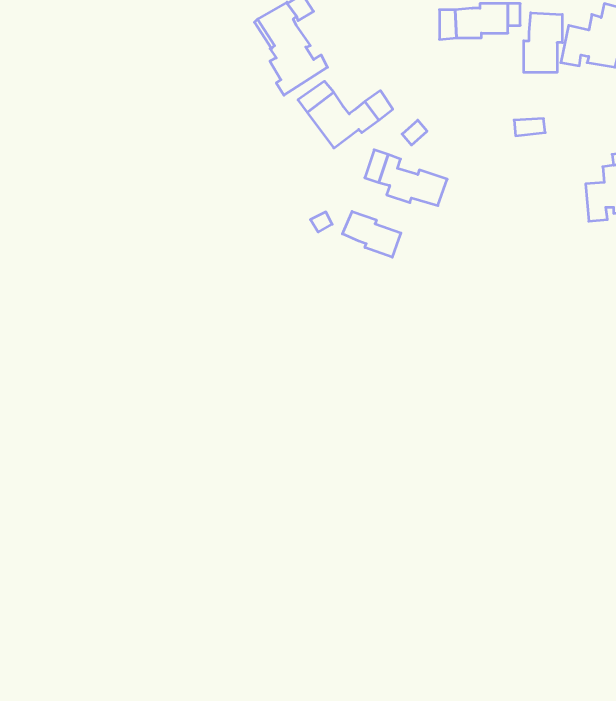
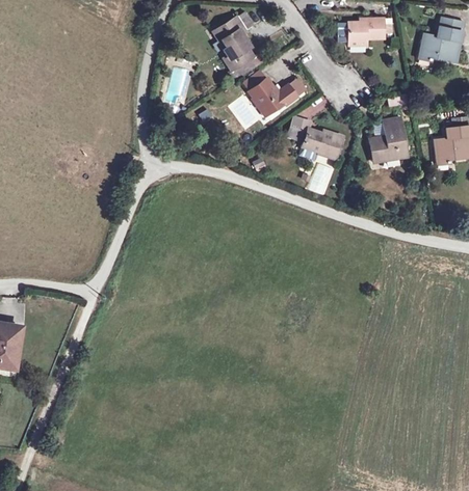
building: [524,13,562,72] -> none
building: none -> [369,117,407,159]
building: [342,211,401,257] -> none

